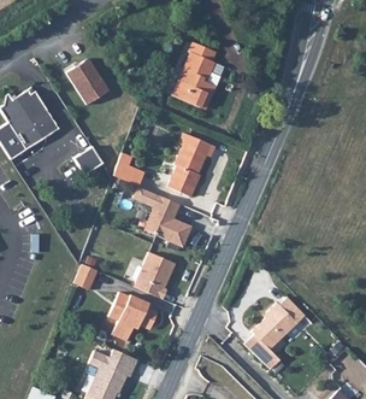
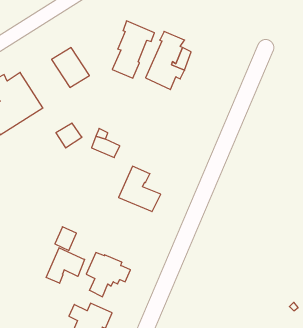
building: [166,133,213,196] -> [112,21,154,78]
building: [134,251,173,298] -> none
building: none -> [46,248,85,283]
building: [246,298,303,369] -> none

